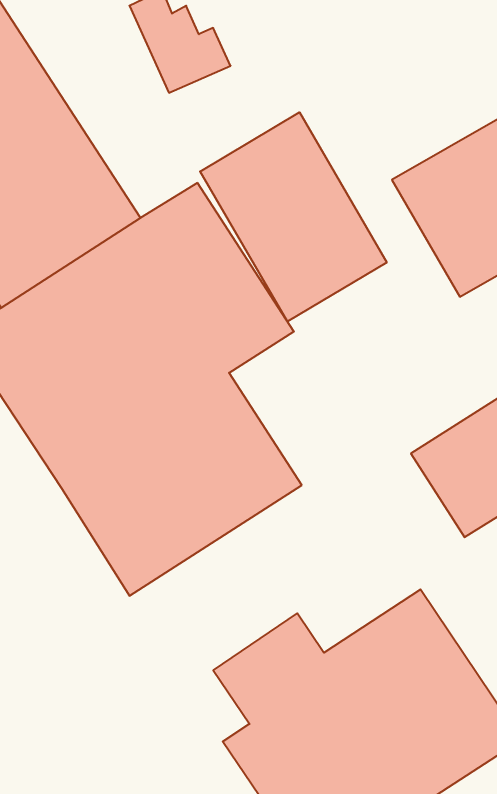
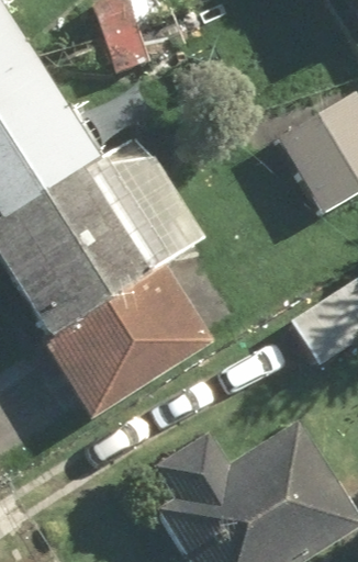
building: [200,112,387,322] -> none

